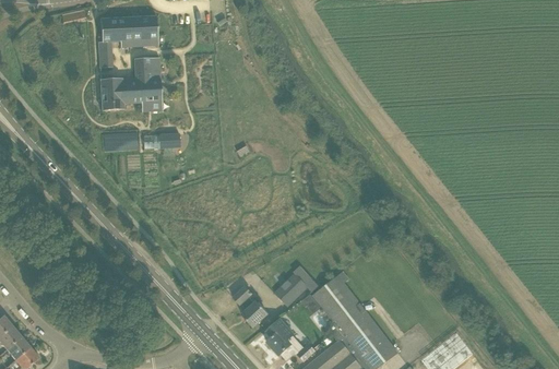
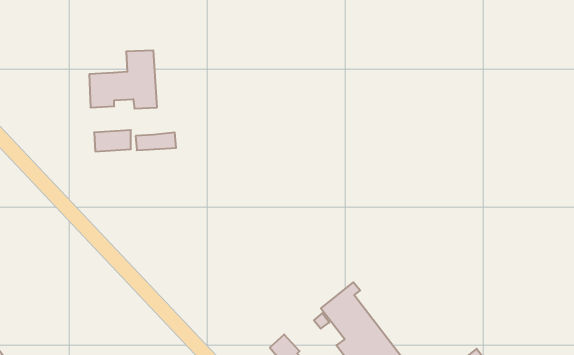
building: [99,15,157,46] -> none
building: [273,272,307,305] -> none
building: [233,285,266,326] -> none

